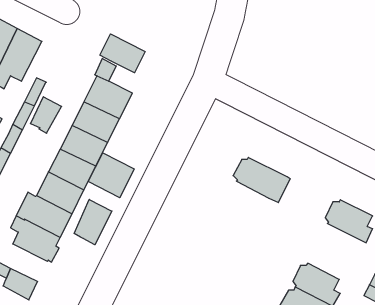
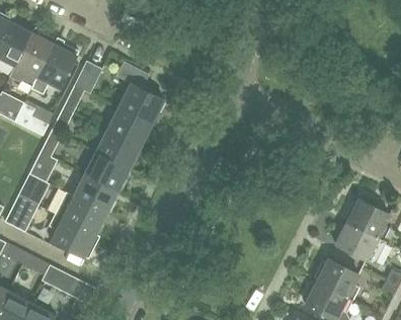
building: [100,34,145,73] -> none
building: [30,97,62,133] -> [74,61,103,95]
building: [88,153,134,198] -> none
building: [233,157,290,203] -> [333,223,387,265]
building: [74,199,112,245] -> none

